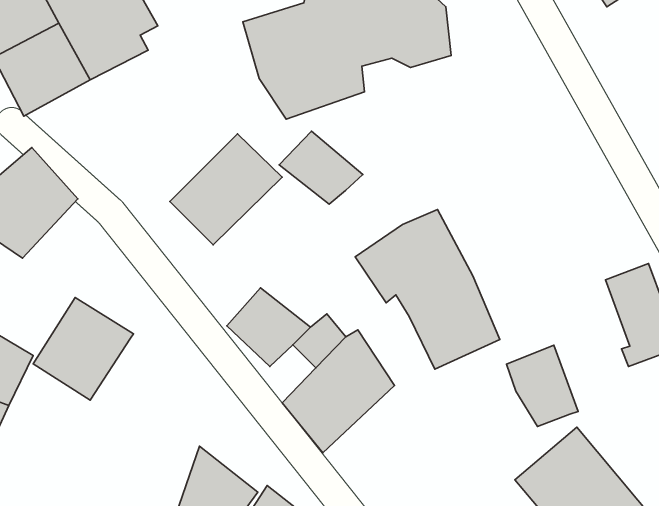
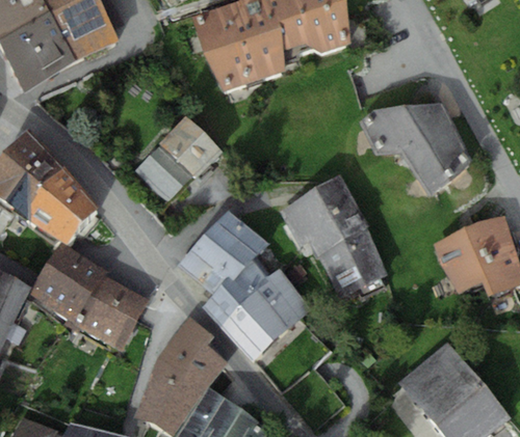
building: [279,131,363,204] -> [204,209,268,265]
building: none -> [359,114,470,204]
building: none -> [21,166,98,243]
building: none -> [73,273,148,349]
building: none -> [204,278,246,323]
building: [506,345,578,426] -> [433,228,488,291]
building: none -> [157,317,227,391]

